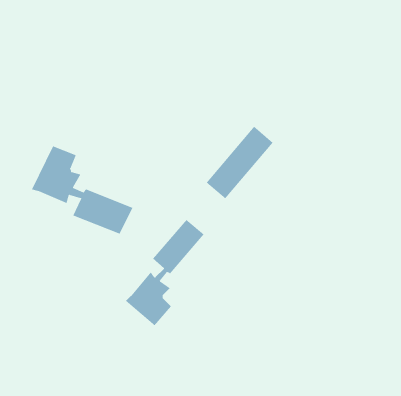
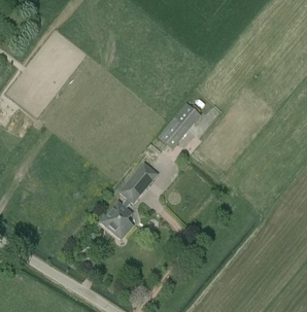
building: [31,146,133,235] -> none

